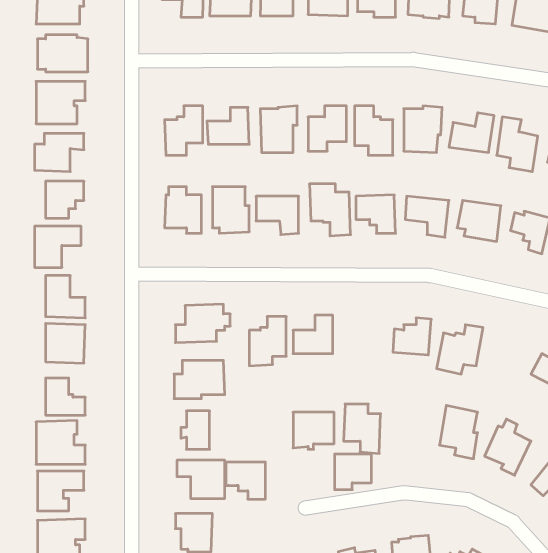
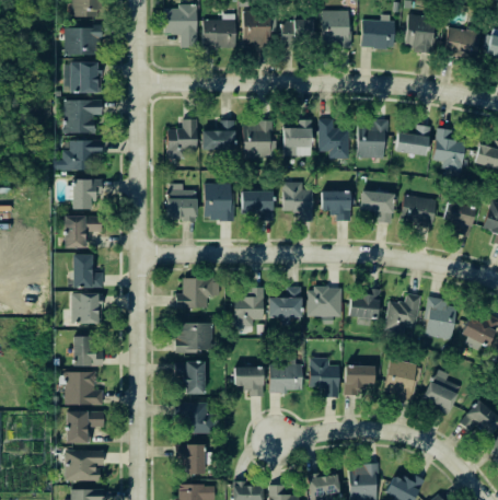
building: none -> [308,286,341,316]
building: none -> [425,298,459,340]
building: [335,454,371,490] -> [344,367,373,395]
building: [226,462,265,499] -> [232,368,264,397]

